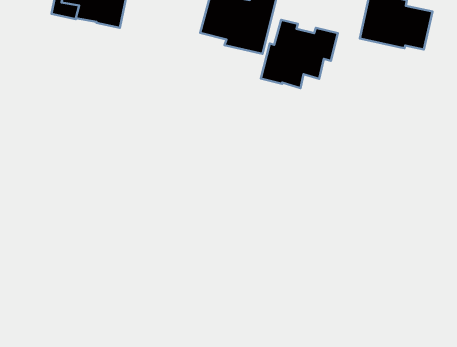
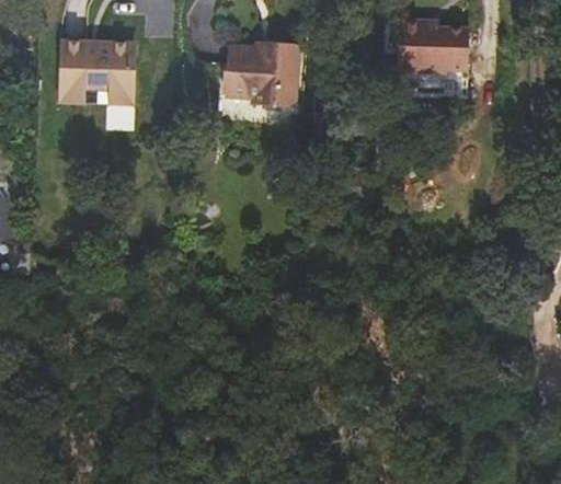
building: [261,20,338,88] -> none

